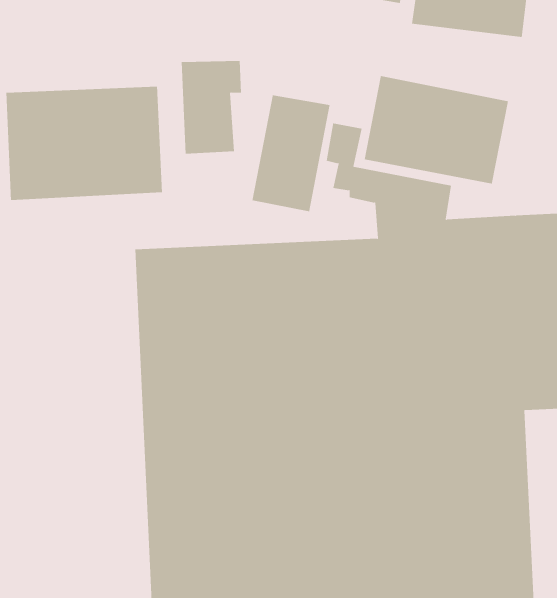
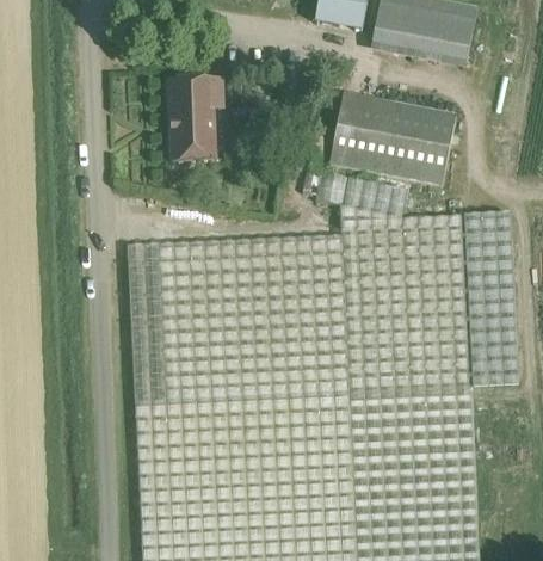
building: [6,86,163,201] -> none
building: [252,94,330,212] -> none

